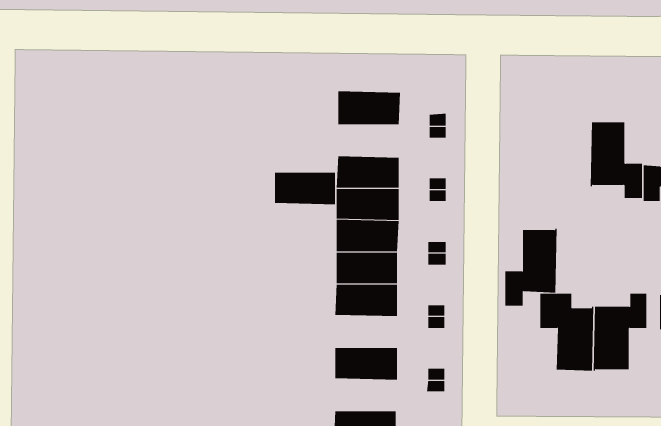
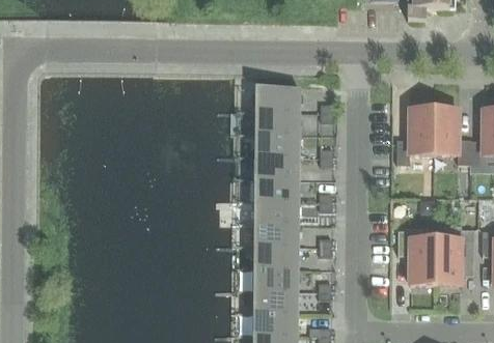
building: [274,172,336,205] -> [255,110,299,133]
building: [504,228,558,306] -> [396,108,434,163]
building: none -> [253,244,298,266]
building: none -> [253,288,298,311]

